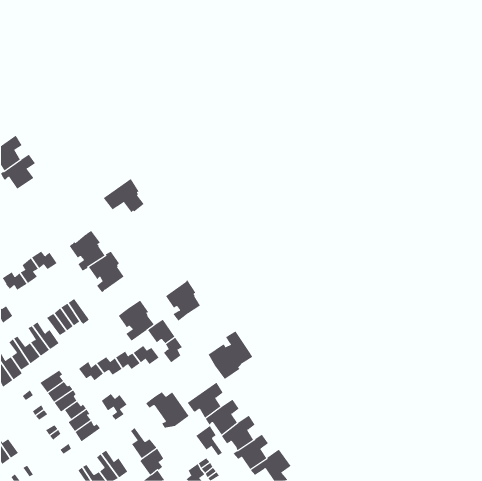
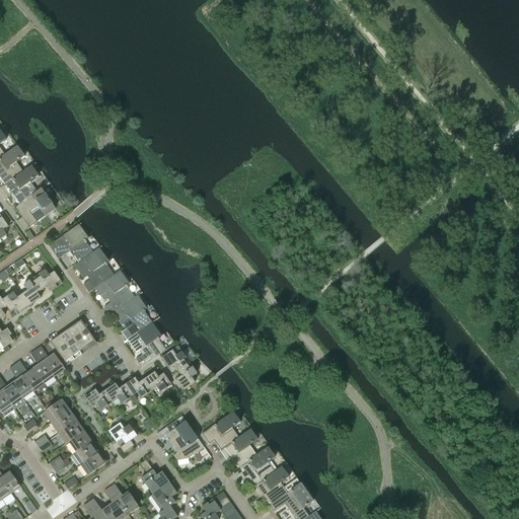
building: none -> [14,188,55,230]
building: [103,178,144,213] -> [48,224,92,262]
building: [165,279,201,322] -> [113,294,151,340]
building: [208,330,253,380] -> none
building: [195,425,223,456] -> none

